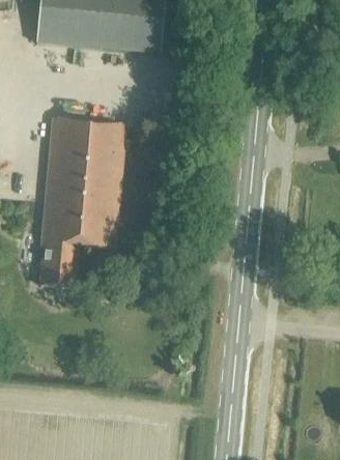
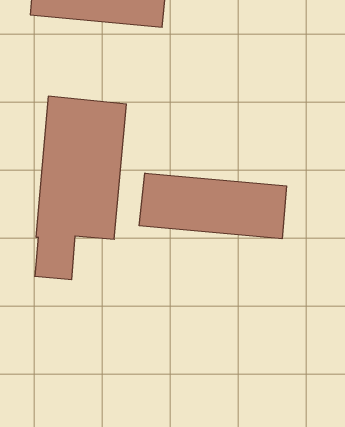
building: none -> [139,173,286,239]

